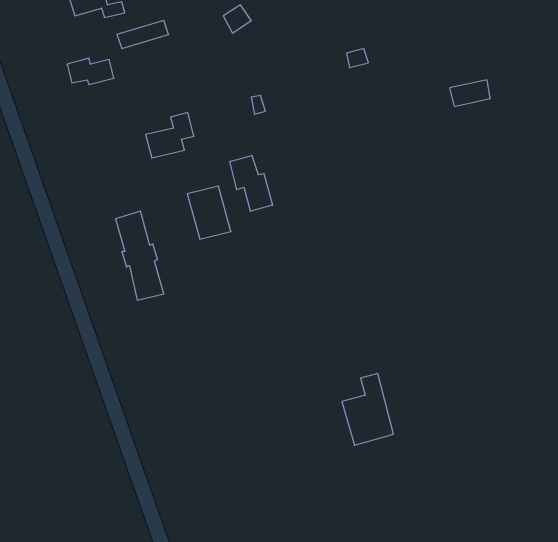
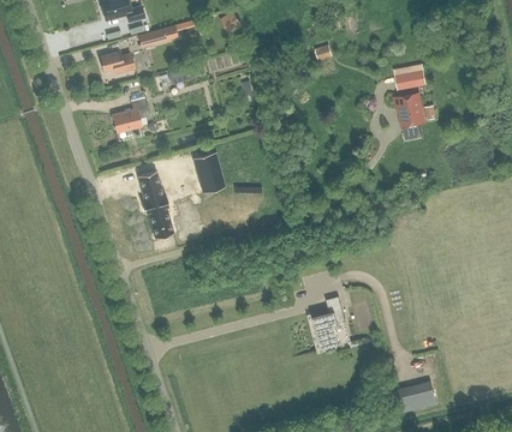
building: none -> [394,94,423,140]
building: [146,113,194,158] -> [112,98,149,133]
building: [230,155,273,211] -> none
building: none -> [395,380,436,412]

